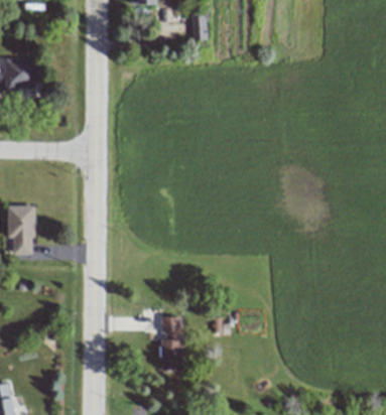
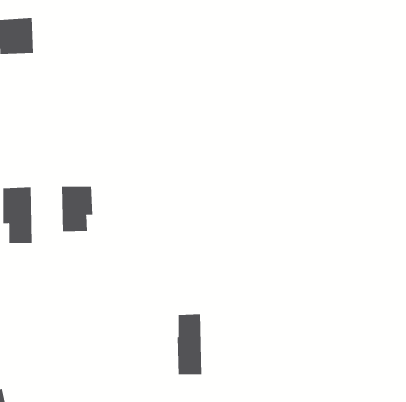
building: none -> [61,186,93,232]

